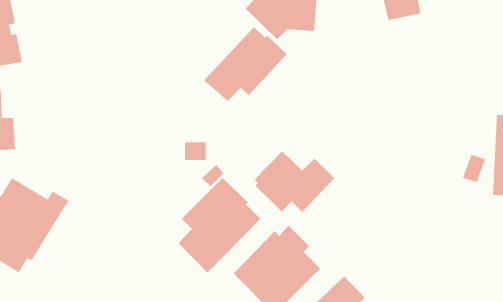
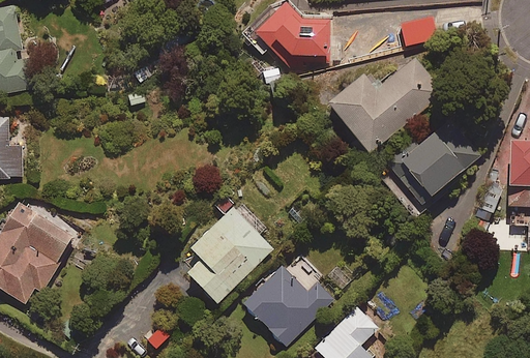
building: [203,26,287,102] -> none
building: none -> [329,57,443,152]
building: none -> [383,119,481,215]
building: [254,151,335,213] -> none

